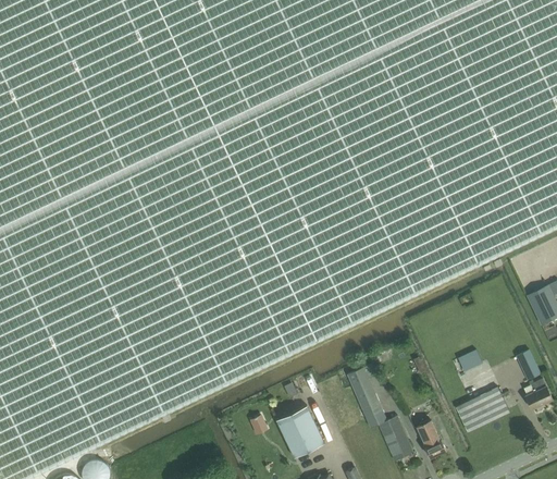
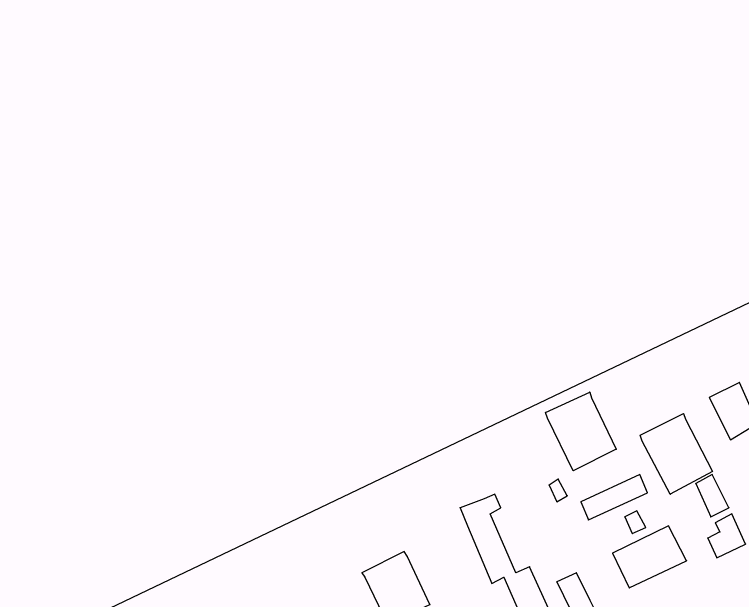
building: none -> [546,392,616,471]
building: none -> [640,414,712,494]

